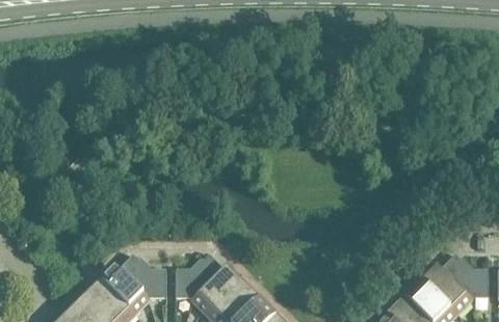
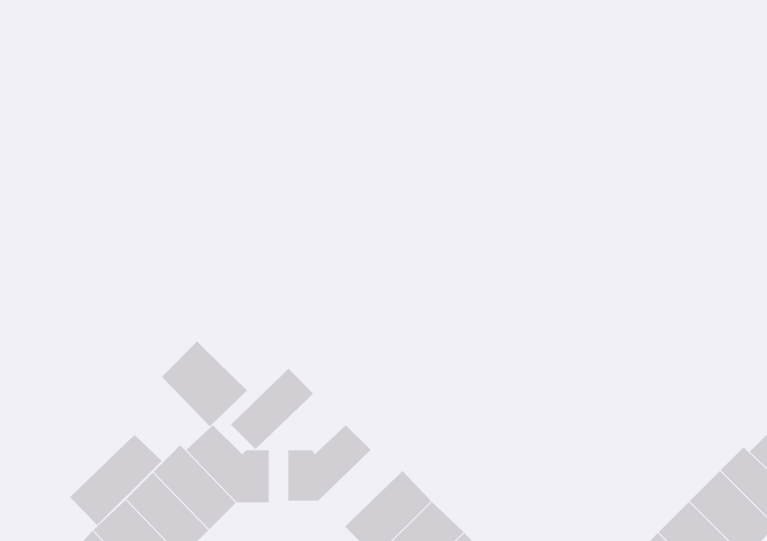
building: none -> [161,341,248,427]
building: none -> [69,434,162,526]
building: [193,265,241,312] -> [230,368,314,450]

